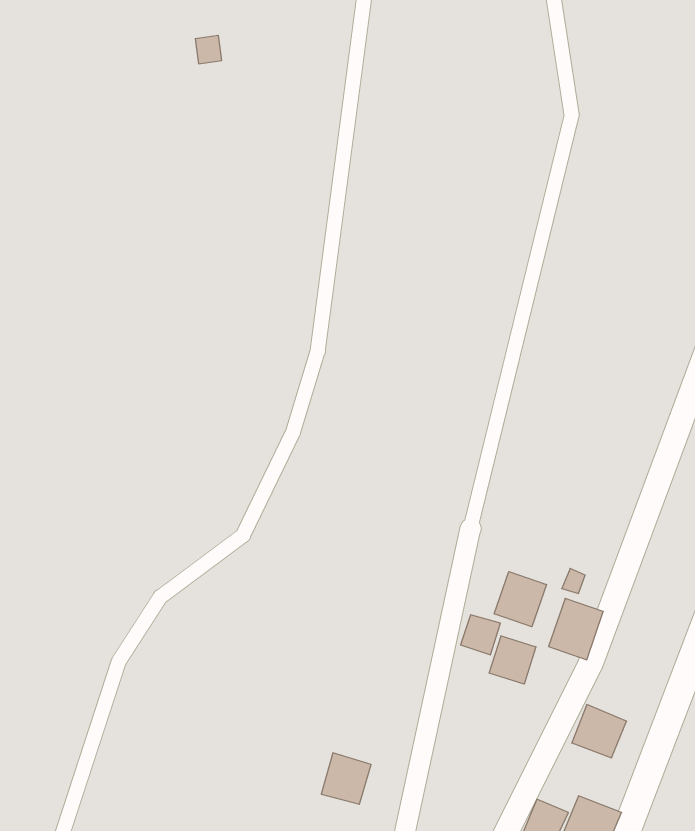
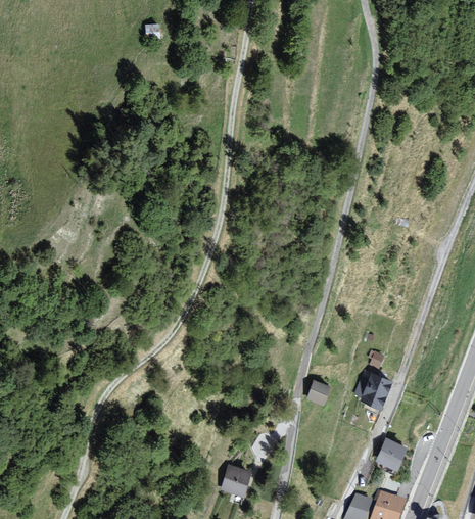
building: [494,572,546,627] -> none
building: [489,636,536,684] -> none

